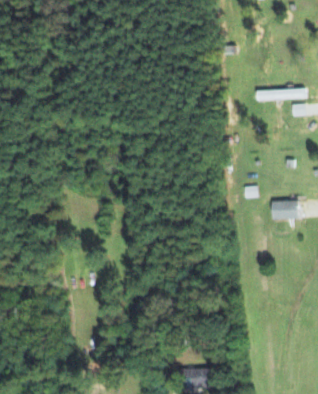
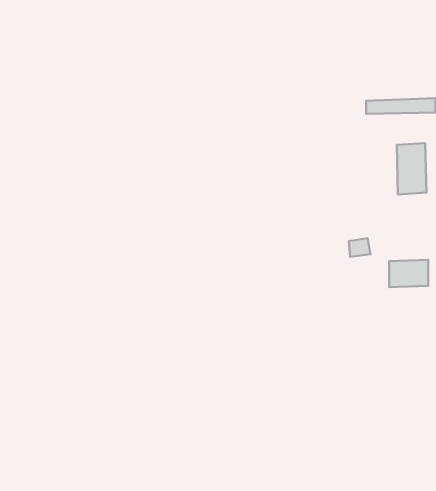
building: none -> [397,143,426,194]

